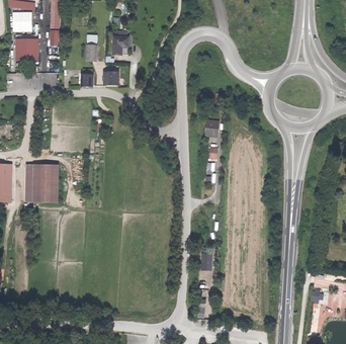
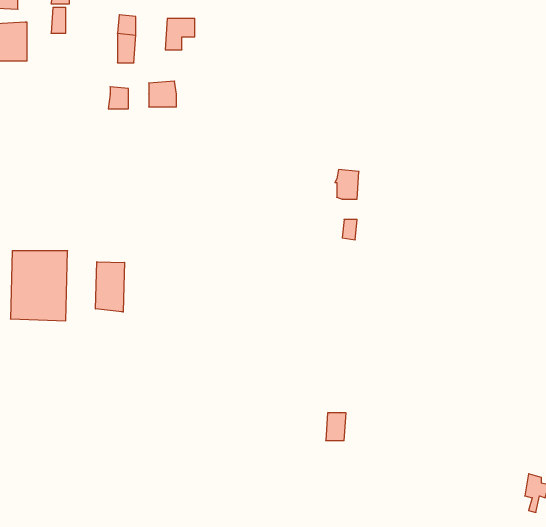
building: none -> [96,262,125,312]

